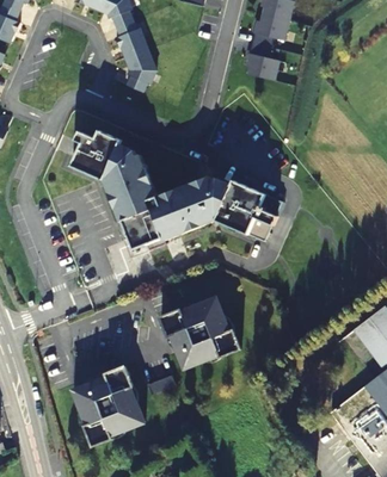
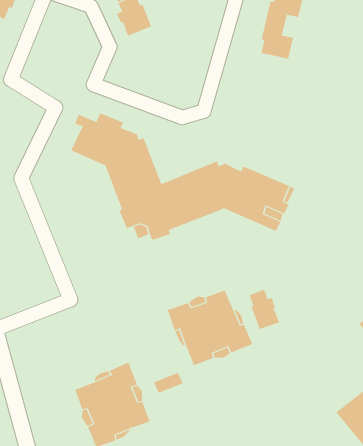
building: [124,50,155,94] -> none
building: none -> [249,289,280,330]

